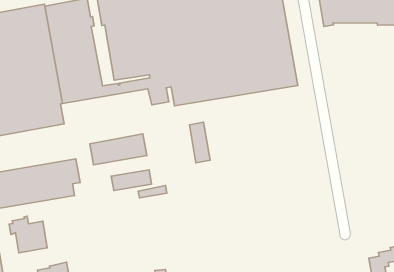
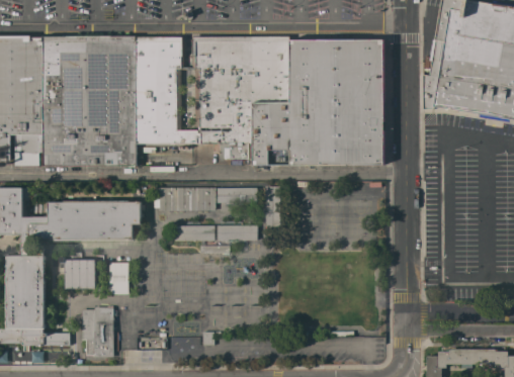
building: none -> [217,187,256,202]
building: none -> [217,224,257,241]
building: none -> [109,262,127,294]

